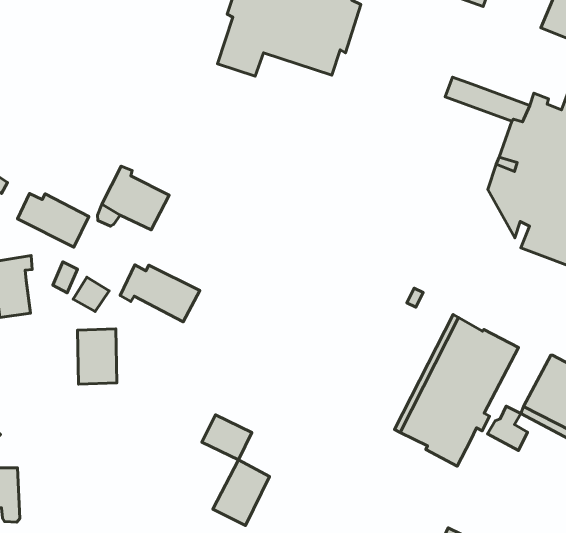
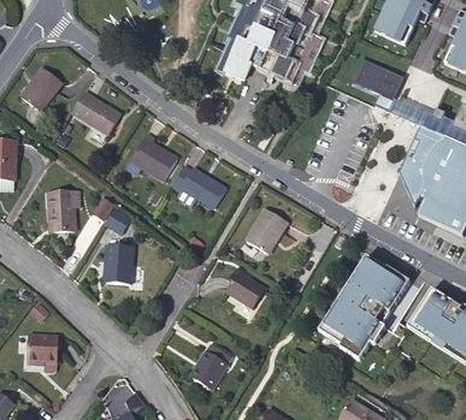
building: none -> [354,57,403,97]
building: [18,193,89,247] -> [71,94,120,134]
building: none -> [246,208,285,253]
building: [120,265,200,322] -> [171,165,226,207]
building: [202,415,252,460] -> [228,273,263,306]

